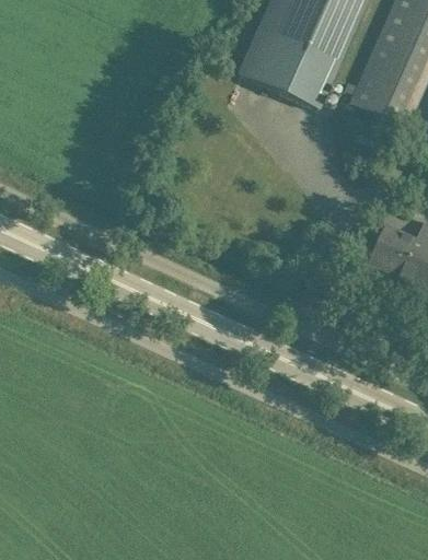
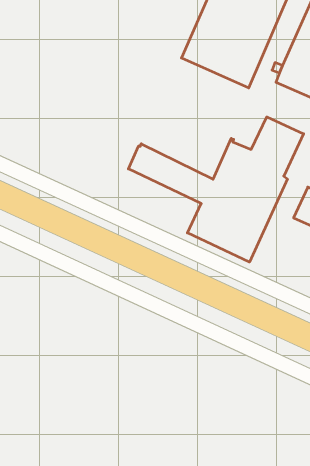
building: none -> [128,117,304,262]

